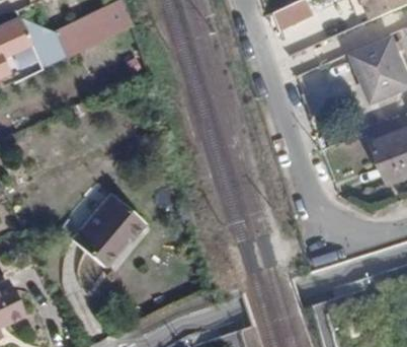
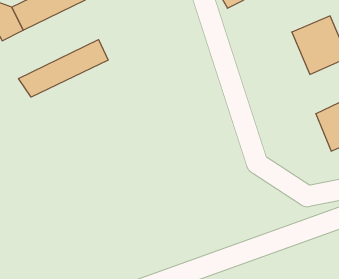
building: none -> [19,40,108,97]
building: [75,192,147,263] -> none

